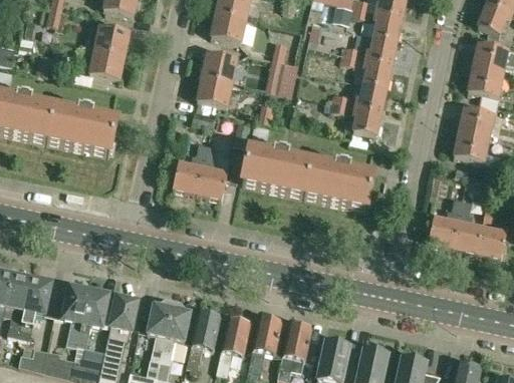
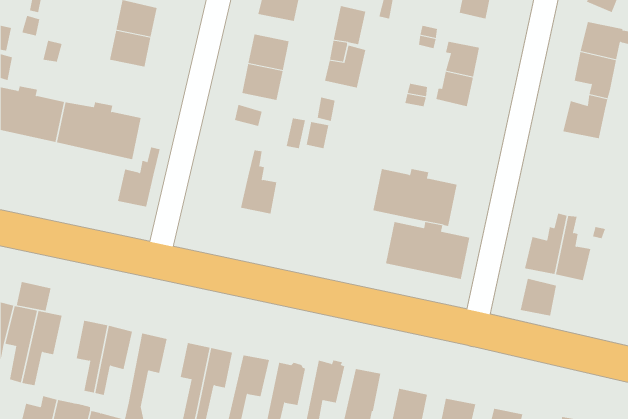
building: [365,33,397,61] -> none
building: [353,103,381,133] -> none
building: [454,129,501,162] -> none
building: [173,142,208,192] -> [117,147,160,207]
building: [242,146,311,194] -> [385,222,470,280]
building: [476,225,506,256] -> [520,278,557,316]
building: none -> [16,281,51,311]

